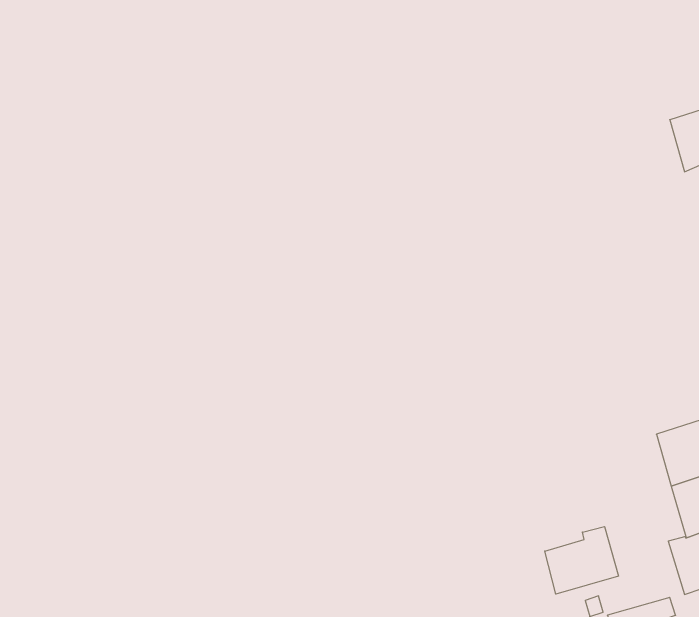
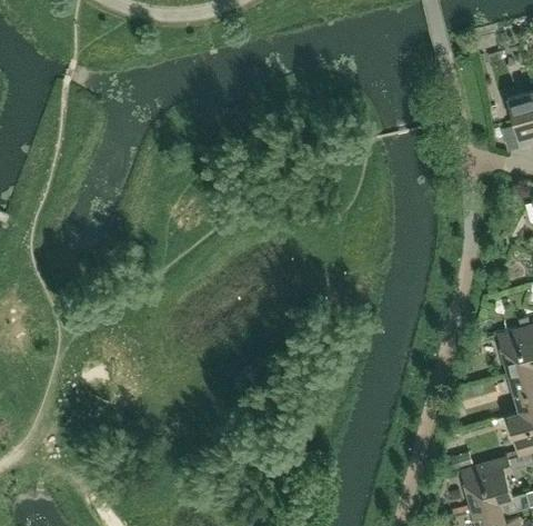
building: [545,527,619,594] -> none

